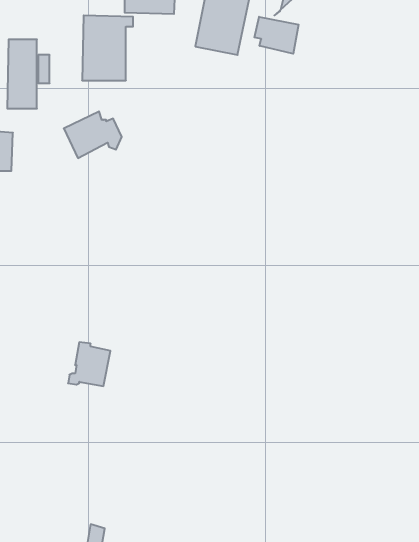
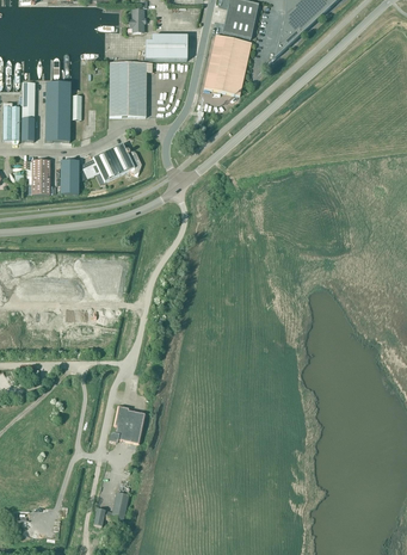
building: [254,17,299,54] -> none
building: none -> [60,160,79,193]
building: [68,342,110,386] -> [109,406,144,443]

